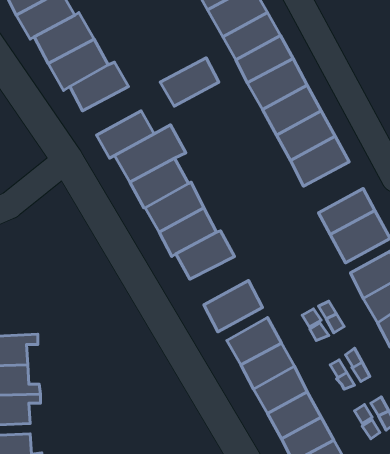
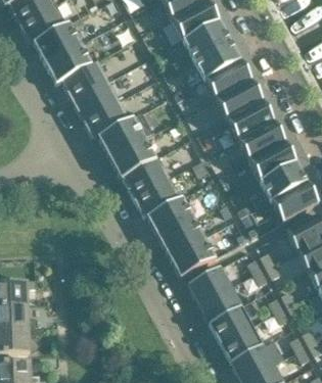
building: [160,58,219,106] -> [72,81,119,119]
building: none -> [248,141,296,182]
building: none -> [157,217,204,255]

